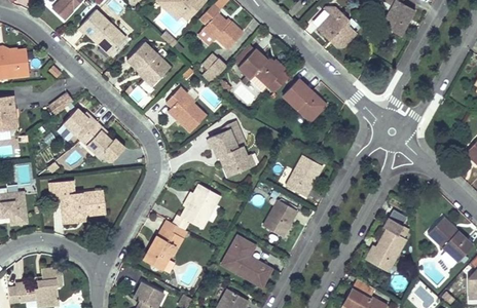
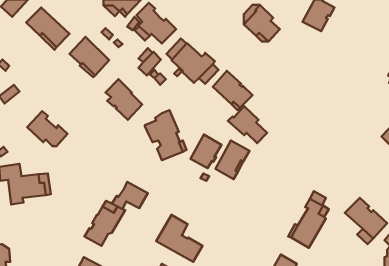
building: [63,108,97,140] -> none
building: none -> [228,106,267,143]
building: [189,184,220,211] -> none
building: [263,199,297,236] -> [191,134,222,168]

